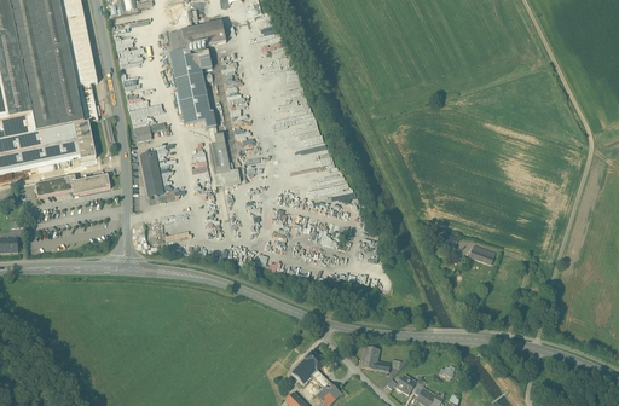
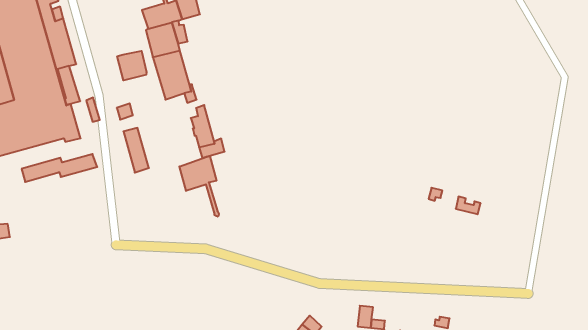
building: none -> [117,51,146,80]
building: none -> [179,156,219,217]

